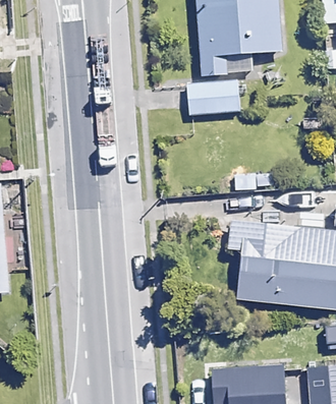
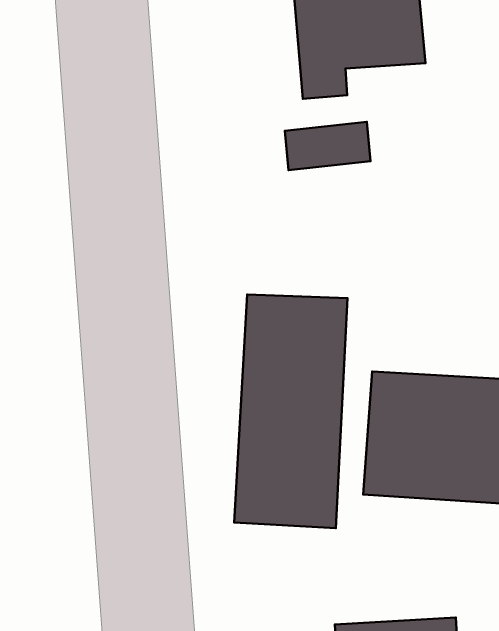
building: none -> [234,295,348,528]

